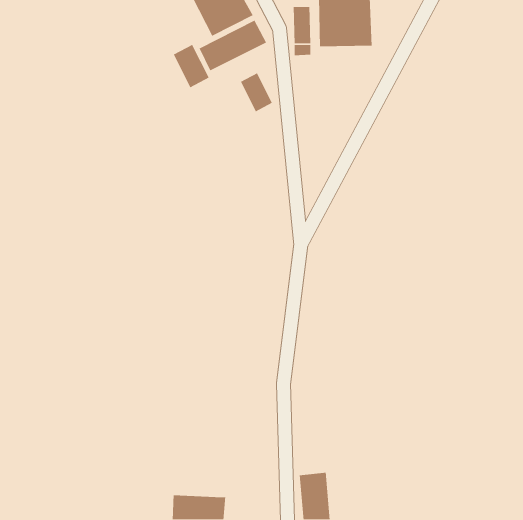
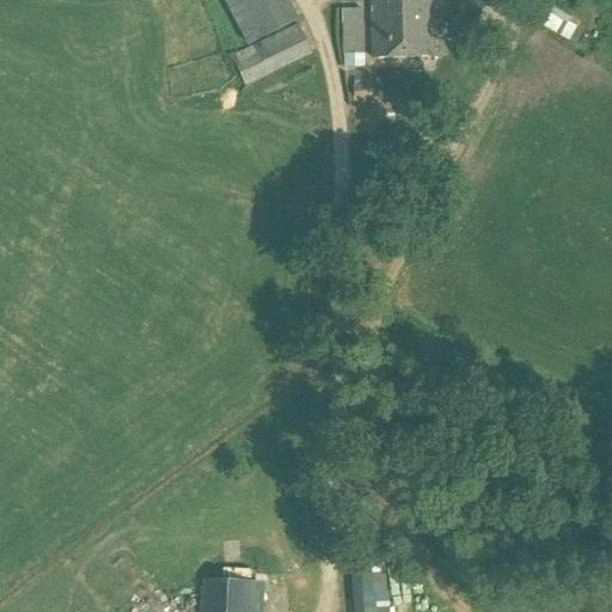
building: [173,44,210,88] -> none
building: [240,72,273,112] -> none

